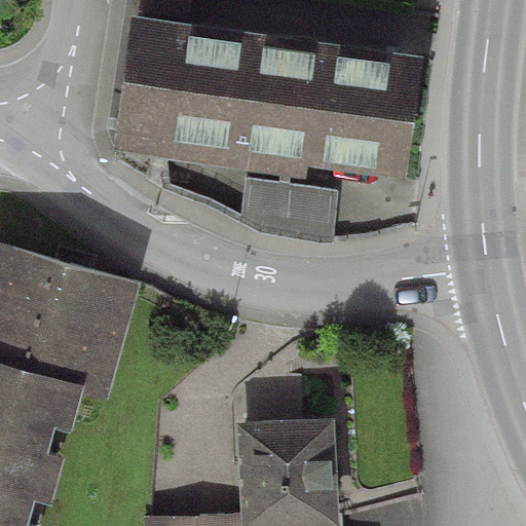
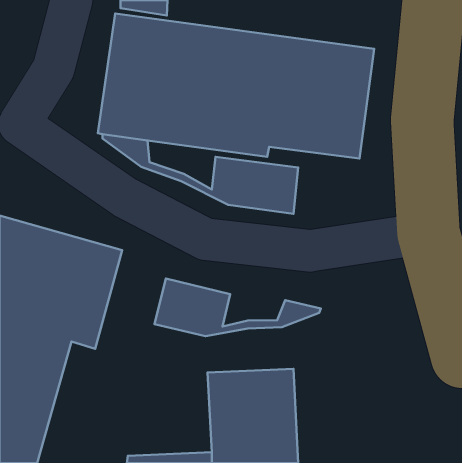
building: none -> [155,279,321,336]

